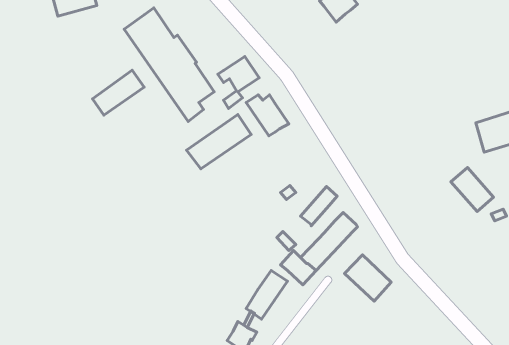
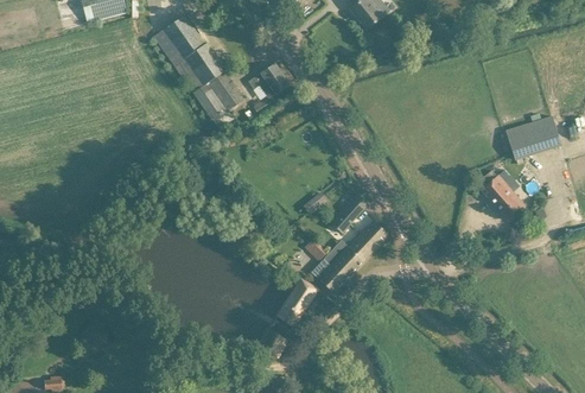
building: [93,70,144,115] -> none
building: [246,95,289,136] -> none
building: [187,114,251,169] -> none
building: [345,255,391,301] -> none

